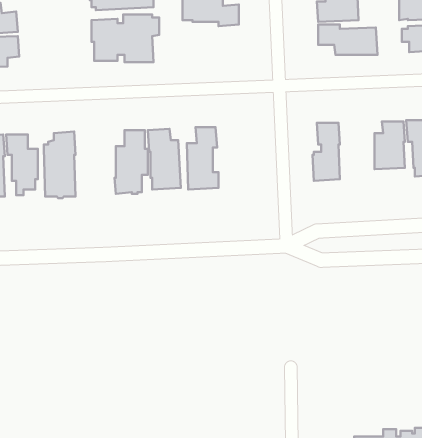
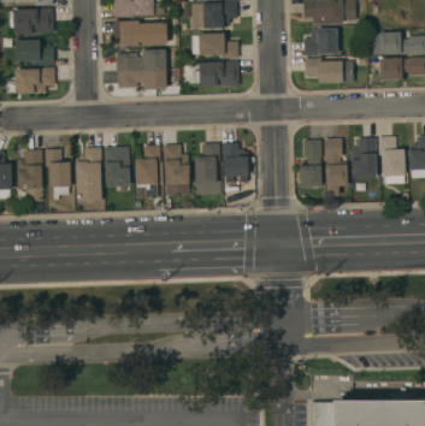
building: none -> [194,60,238,87]
building: none -> [324,138,348,196]
building: none -> [223,142,249,183]
building: none -> [105,146,131,187]

